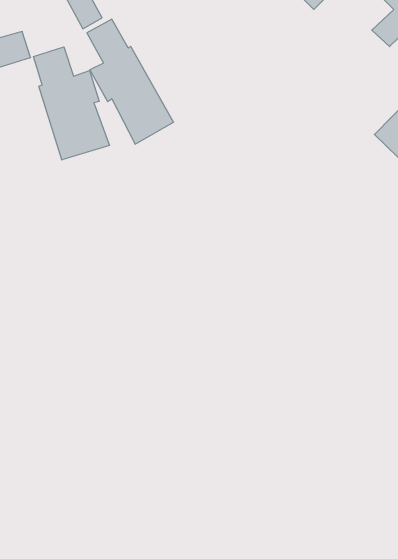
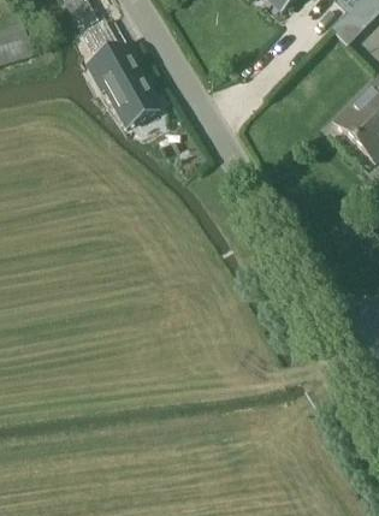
building: [33,47,109,160] -> none

